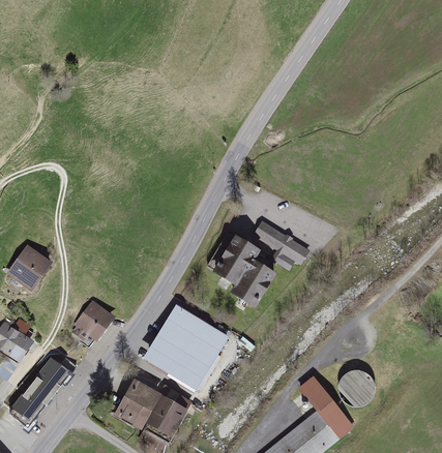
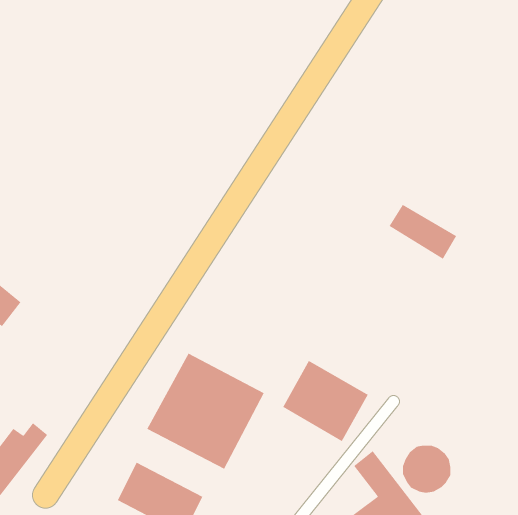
building: [248,220,299,262] -> [388,204,457,260]
building: [215,242,279,303] -> [282,360,369,442]
building: [78,306,113,341] -> none

